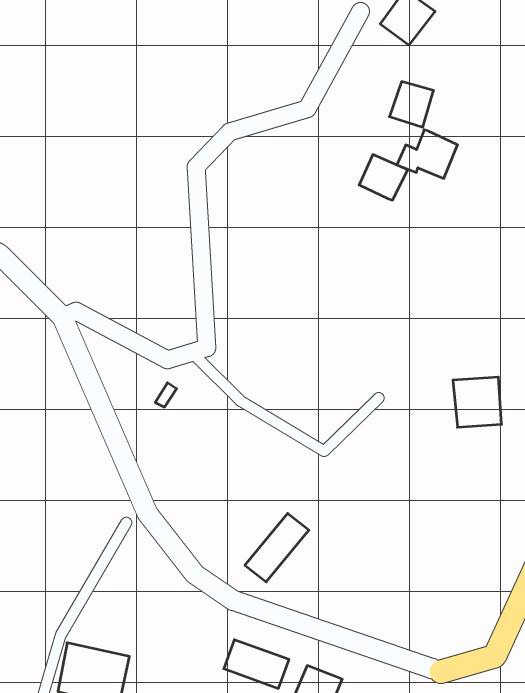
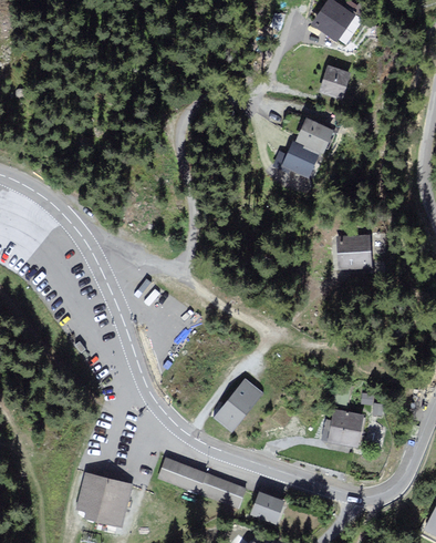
building: [397,130,458,178] -> [274,140,319,175]
building: [453,377,502,427] -> [336,236,372,273]
building: none -> [329,409,365,448]
building: none -> [158,458,207,493]

